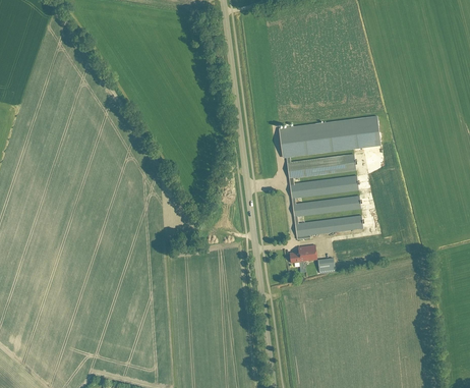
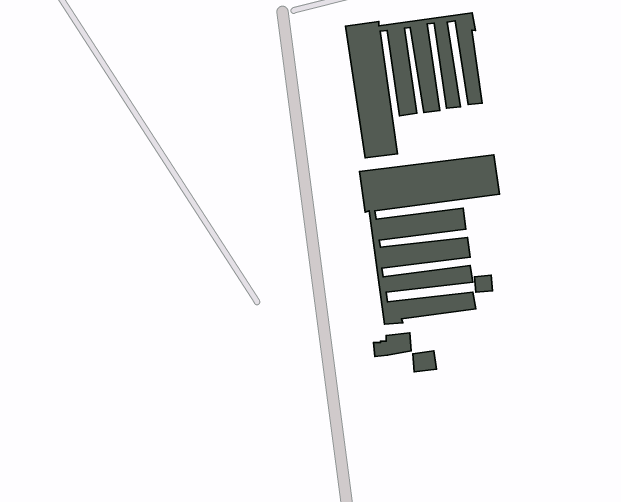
building: none -> [345,13,482,158]

